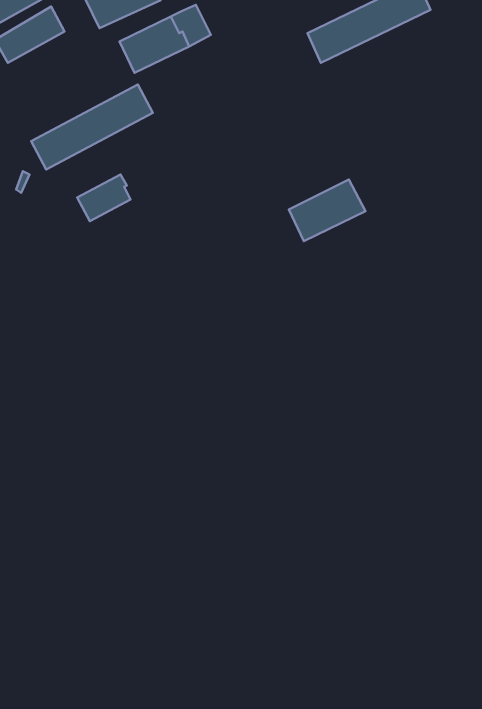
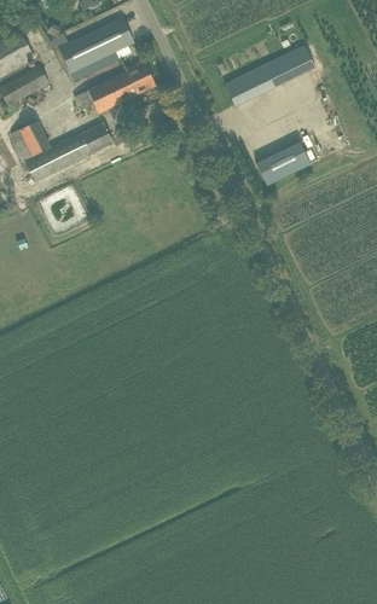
building: none -> [11,121,50,159]
building: [77,175,131,221] -> none
building: [289,180,365,241] -> [255,141,311,186]

